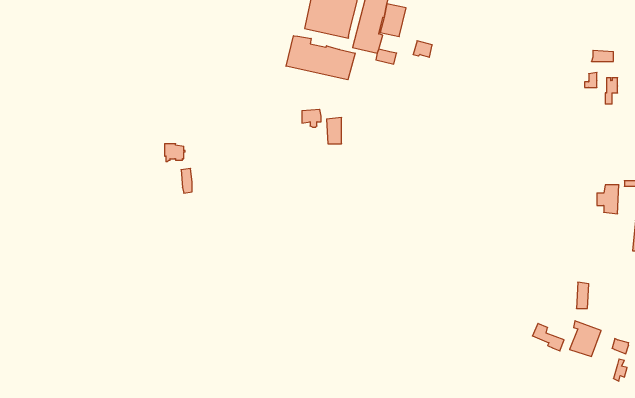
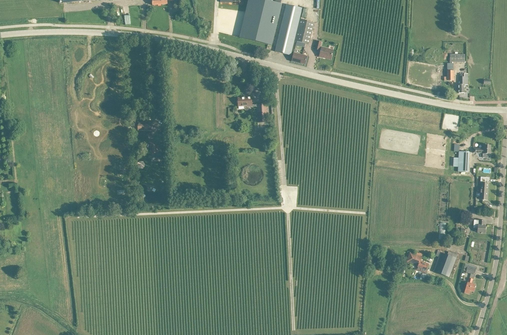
building: [286,36,355,80] -> none

